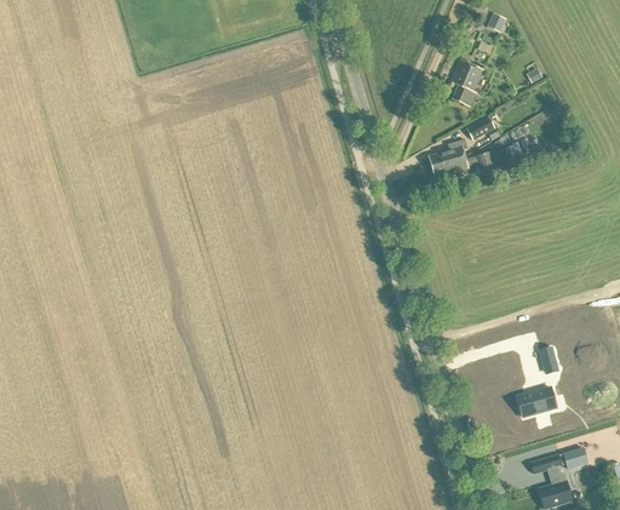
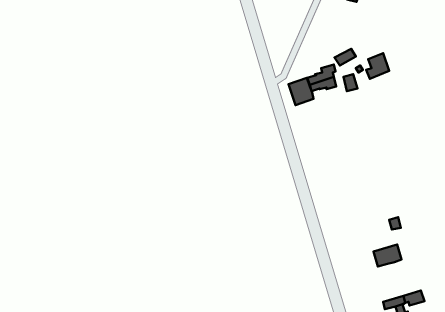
building: [449,59,482,104] -> none
building: none -> [289,78,314,105]

